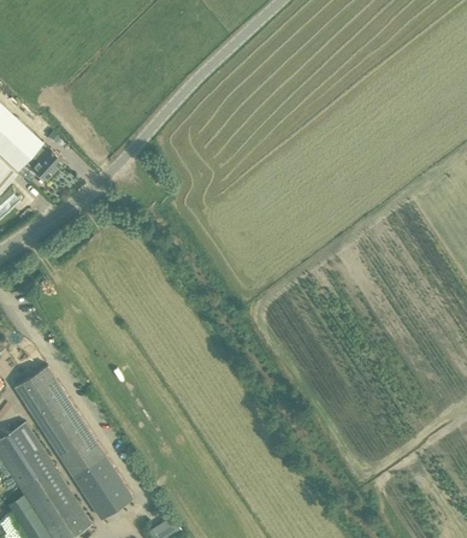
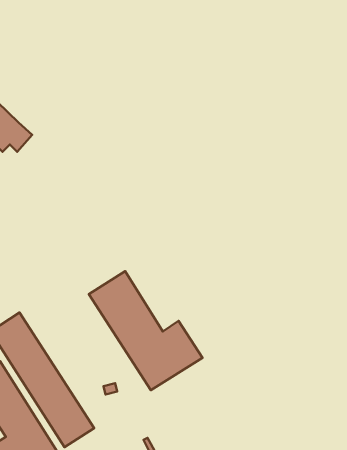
building: none -> [89,271,202,390]

